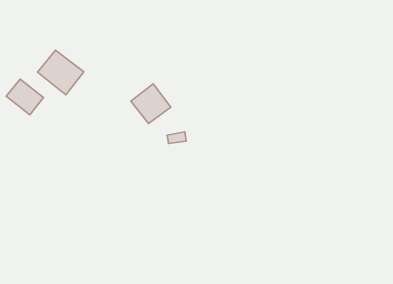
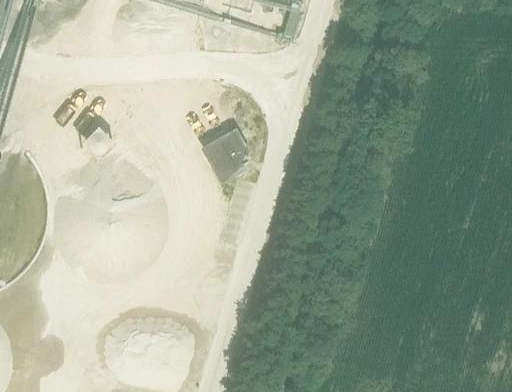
building: [38,50,84,95] -> none

